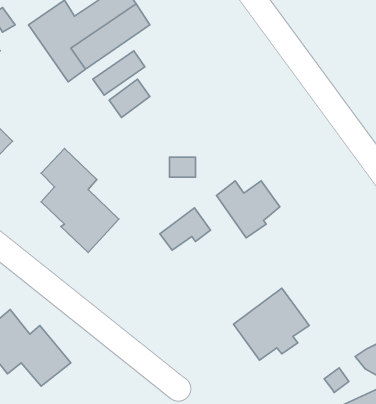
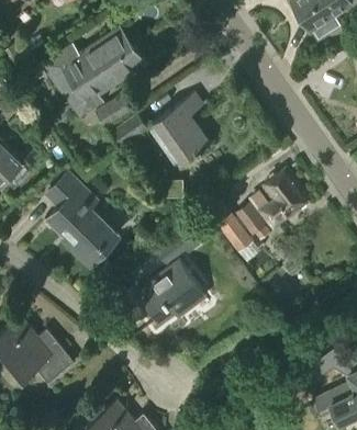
building: none -> [153,94,210,165]
building: none -> [259,169,310,228]
building: [234,288,309,360] -> [135,260,202,324]

